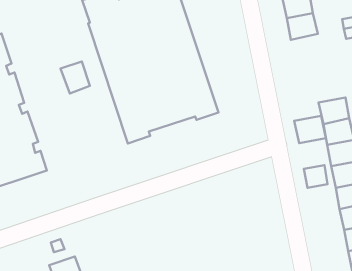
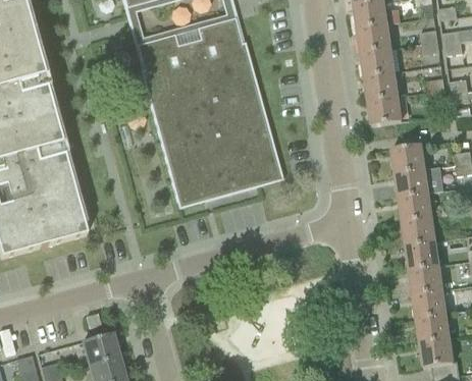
building: none -> [367,95,401,124]
building: [61,61,90,94] -> none
building: [294,116,326,143] -> [390,143,425,172]
building: [304,165,327,188] -> none

